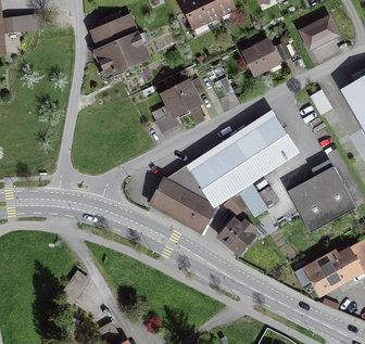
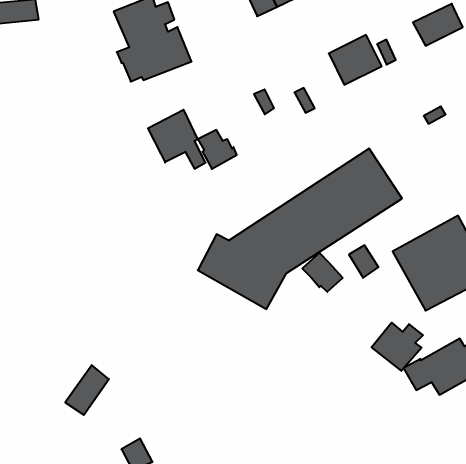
building: [164,81,204,123] -> [148,110,206,169]
building: [219,218,255,252] -> [372,323,423,371]

